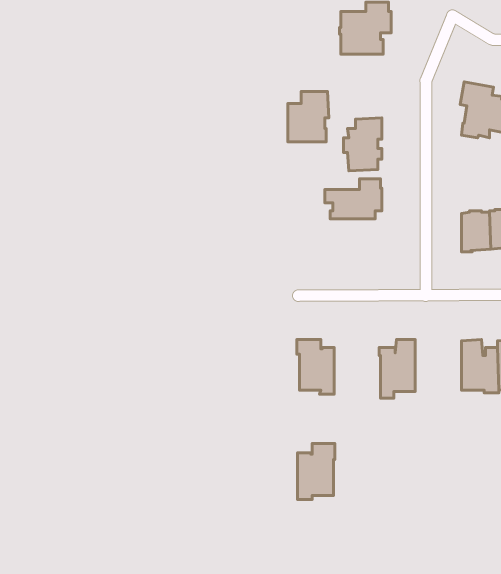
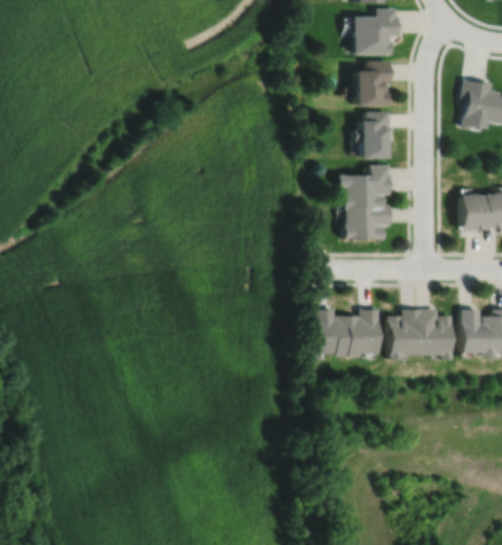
building: [288,91,329,142] -> [356,59,393,104]
building: none -> [345,201,392,240]
building: none -> [421,309,455,361]
building: [298,444,335,499] -> [349,308,382,357]

